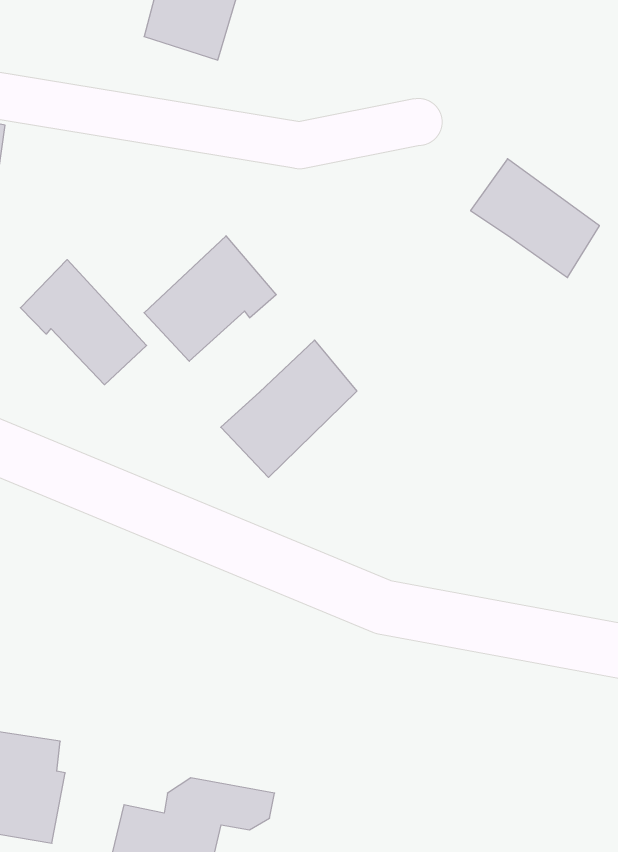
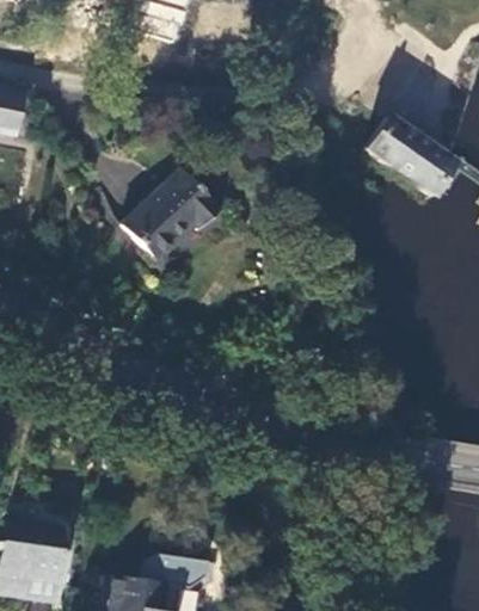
building: [20,260,147,385] -> none
building: [221,340,357,477] -> none

